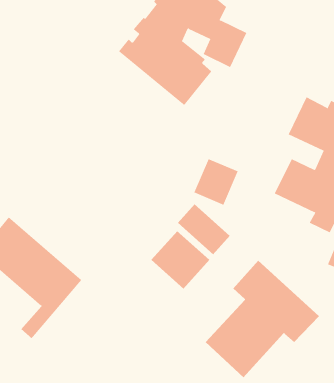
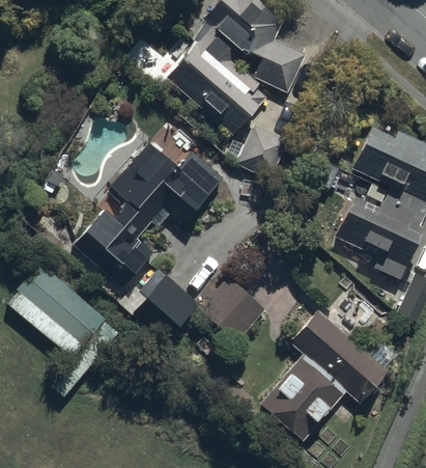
building: none -> [75,139,223,287]
building: [193,158,239,205] -> [237,122,288,175]
building: [177,203,231,255] -> [139,268,199,326]

